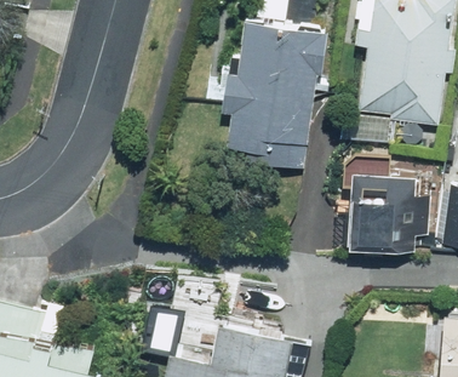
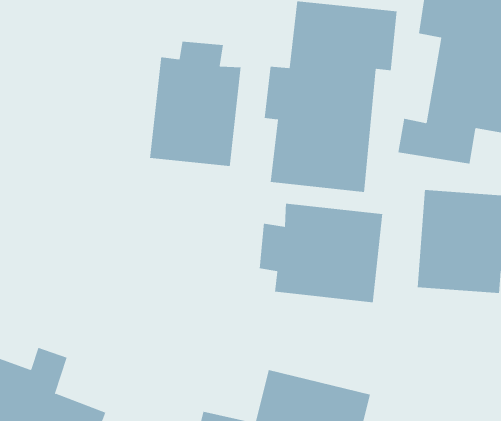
building: none -> [150,41,241,167]
building: none -> [259,203,383,303]

